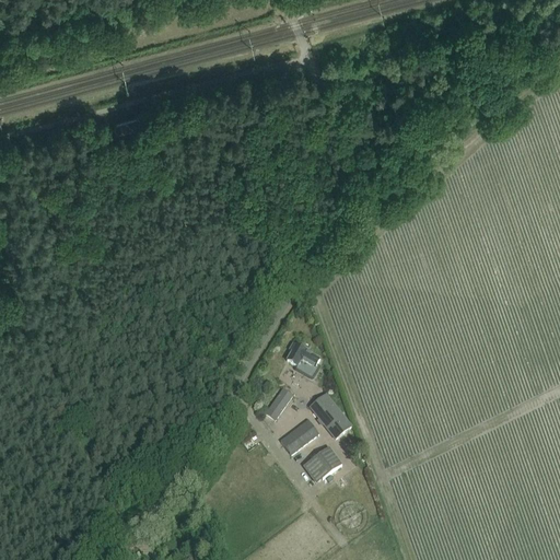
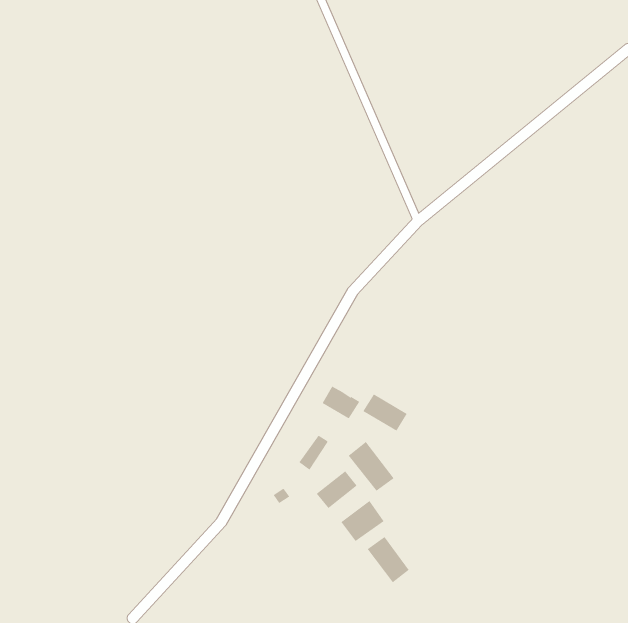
building: none -> [363,394,408,431]
building: none -> [367,536,409,583]

